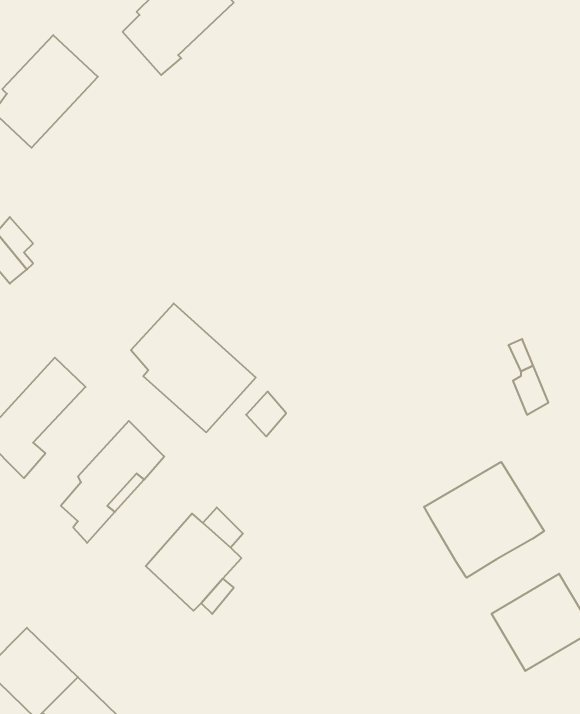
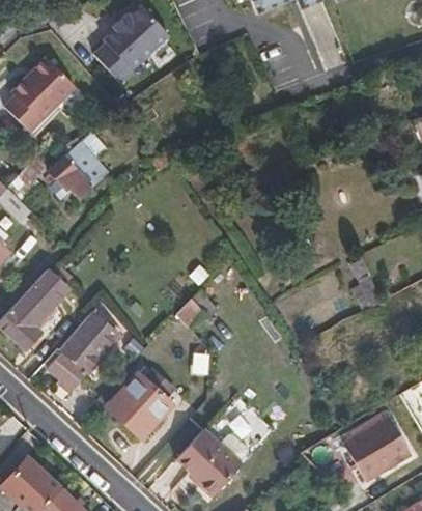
building: none -> [44,147,102,202]
building: [131,303,256,432] -> none
building: [424,462,544,578] -> none
building: none -> [176,427,243,496]

